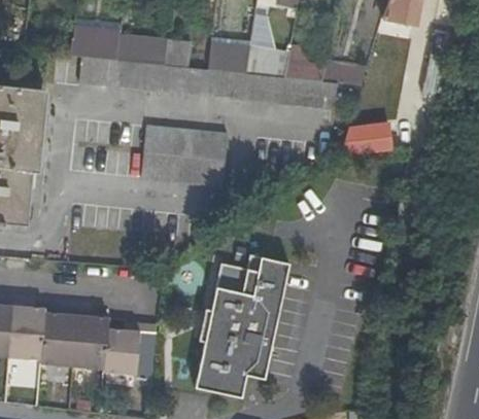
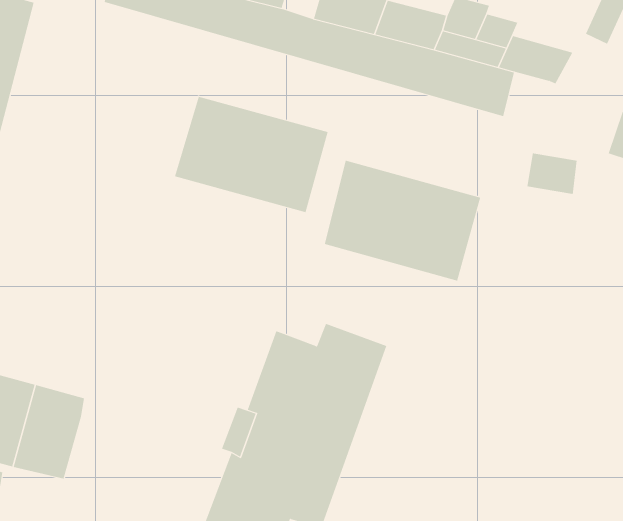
building: none -> [324,160,481,281]
building: [107,324,159,379] -> none

